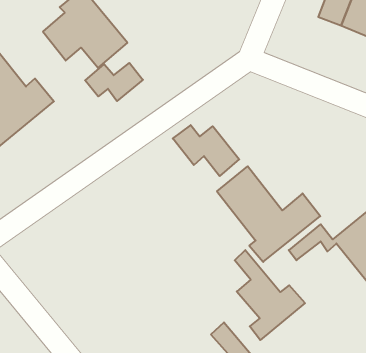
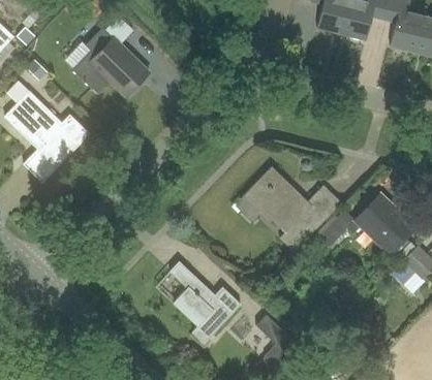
building: [85,63,143,101] -> none
building: [173,125,239,176] -> none
building: [235,250,305,340] -> [171,264,239,344]

